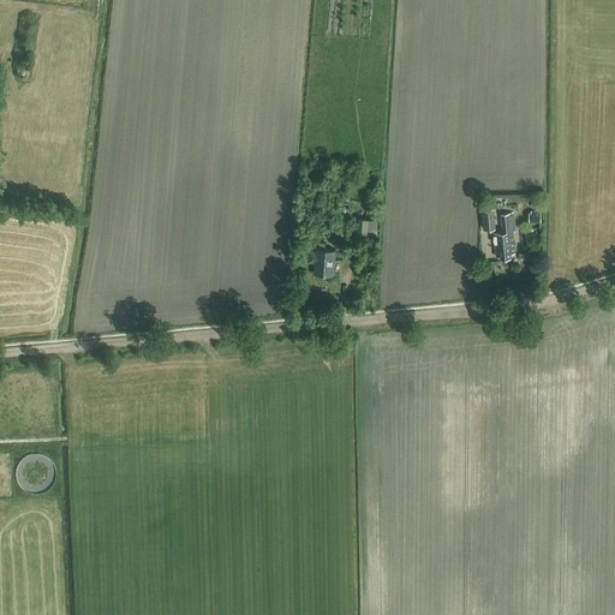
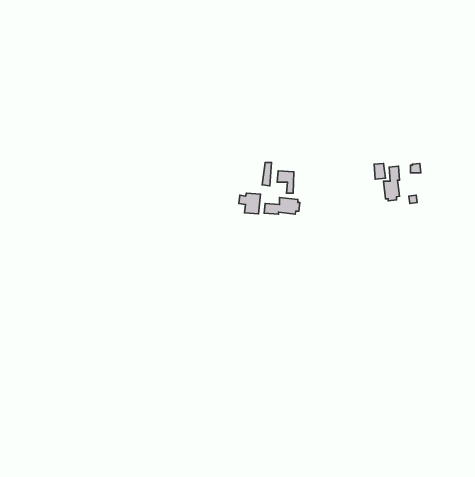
building: none -> [264,198,300,214]

